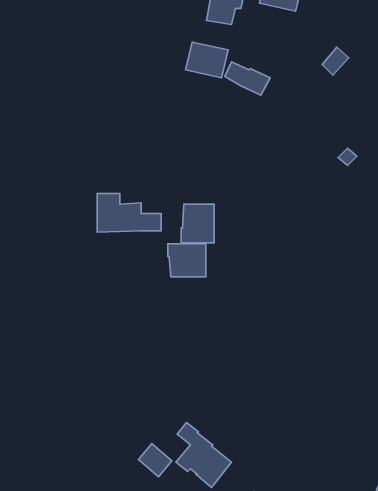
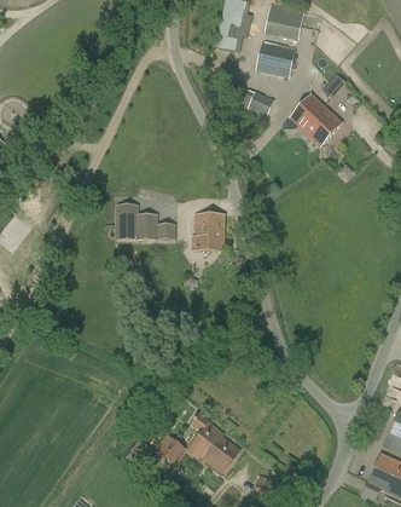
building: [186,42,228,78] -> [256,44,295,76]
building: none -> [290,94,341,144]
building: [168,244,206,277] -> none

